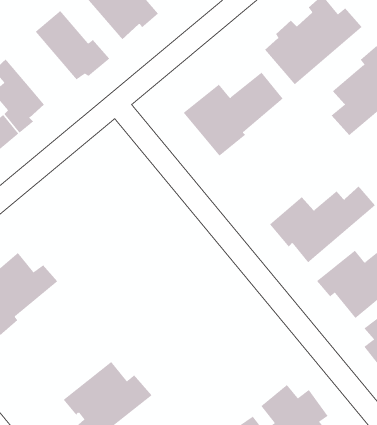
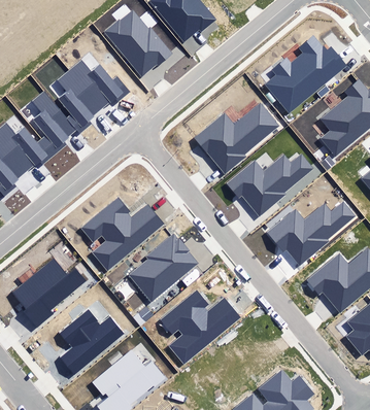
building: none -> [55,68,102,133]
building: none -> [226,153,312,215]
building: none -> [81,197,164,271]
building: none -> [130,234,197,301]
building: none -> [159,288,240,364]
building: none -> [58,308,122,374]

